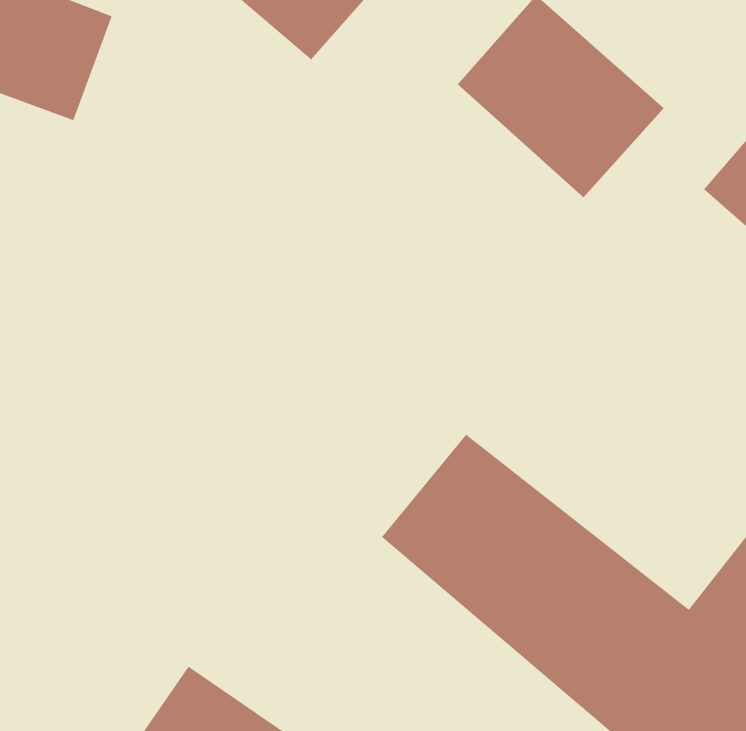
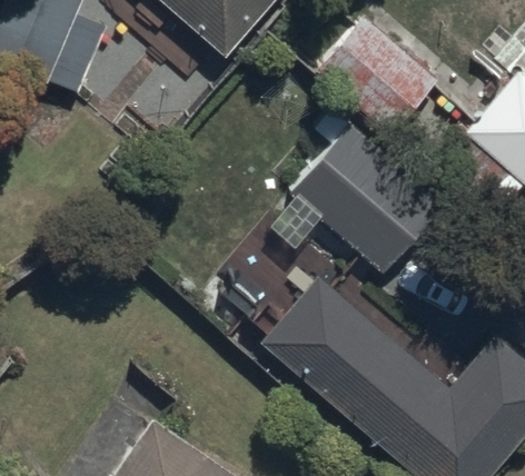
building: none -> [289,126,443,275]

